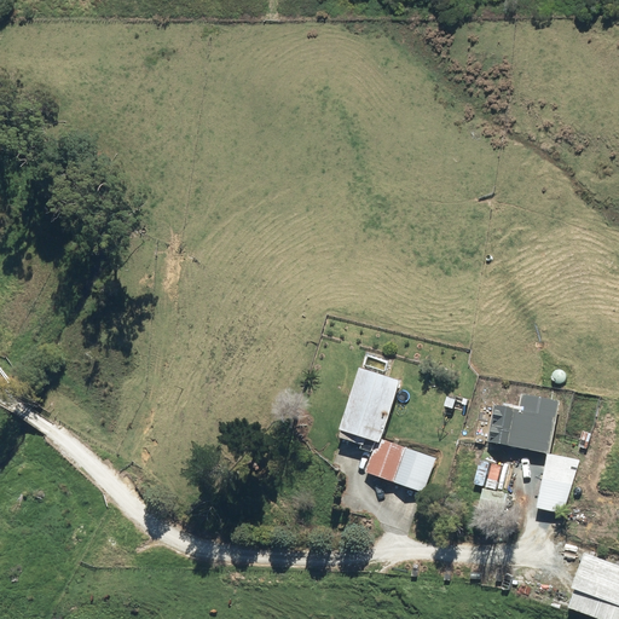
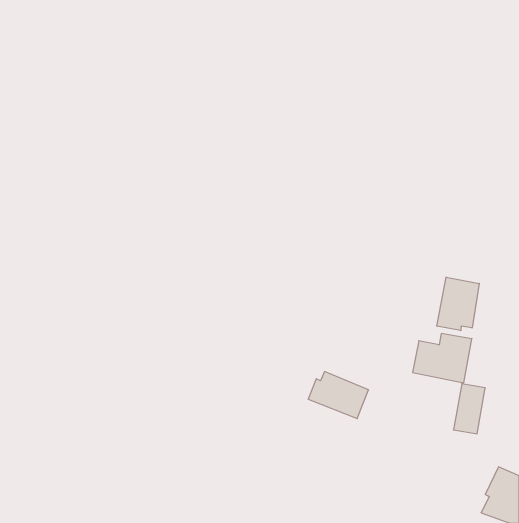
building: none -> [437,277,479,331]
building: [340,354,399,453] -> none

